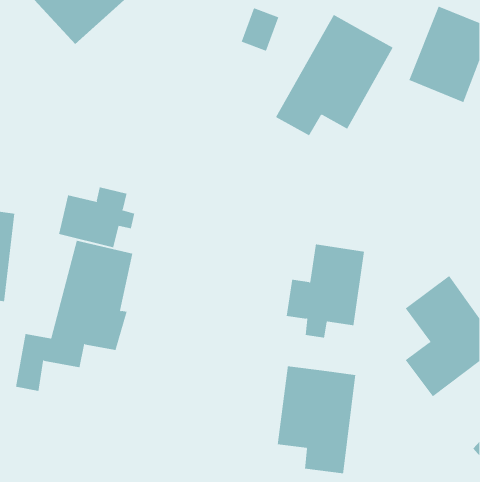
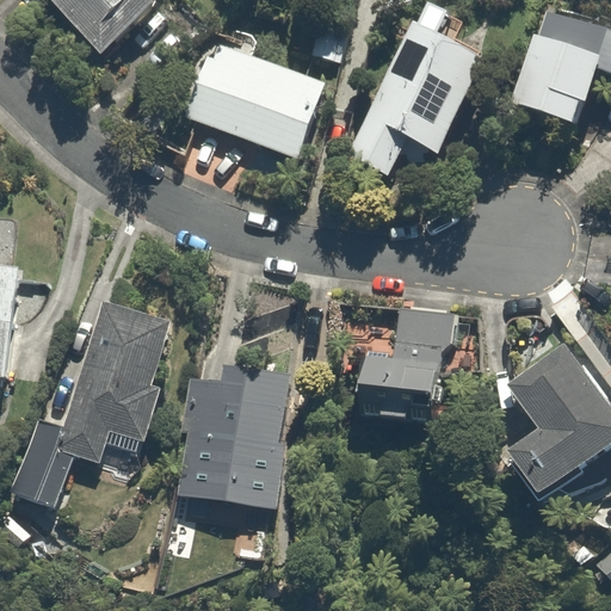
building: none -> [181,37,323,159]
building: [59,187,135,248] -> none
building: none -> [175,359,292,512]
building: [277,365,356,474] -> none

